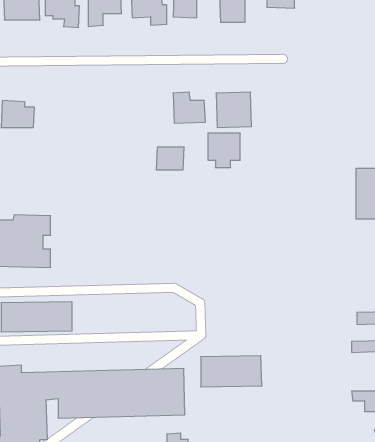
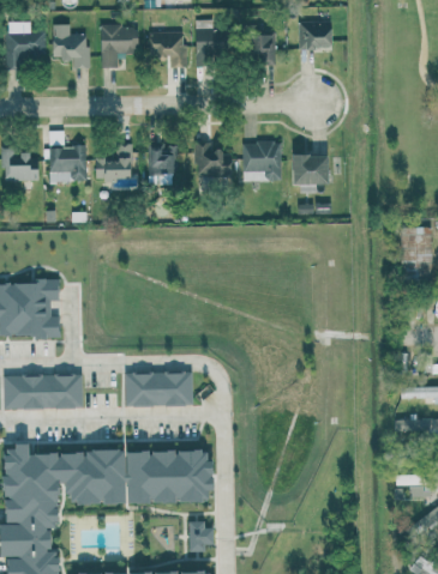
building: none -> [95,144,132,180]
building: none -> [50,146,86,181]
building: [208,133,240,168] -> [292,155,328,193]
building: [156,147,184,170] -> [149,146,180,171]
building: [201,356,262,387] -> [125,371,193,406]

